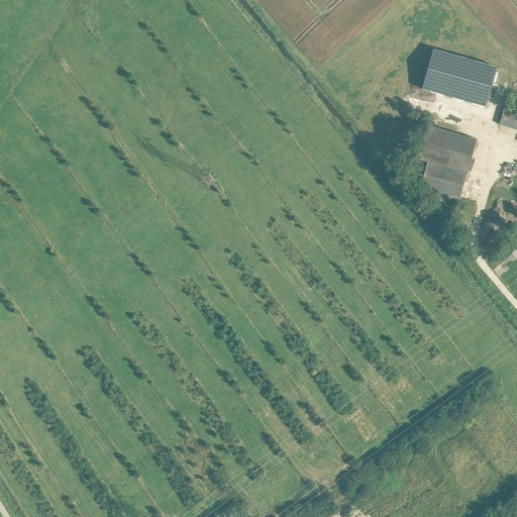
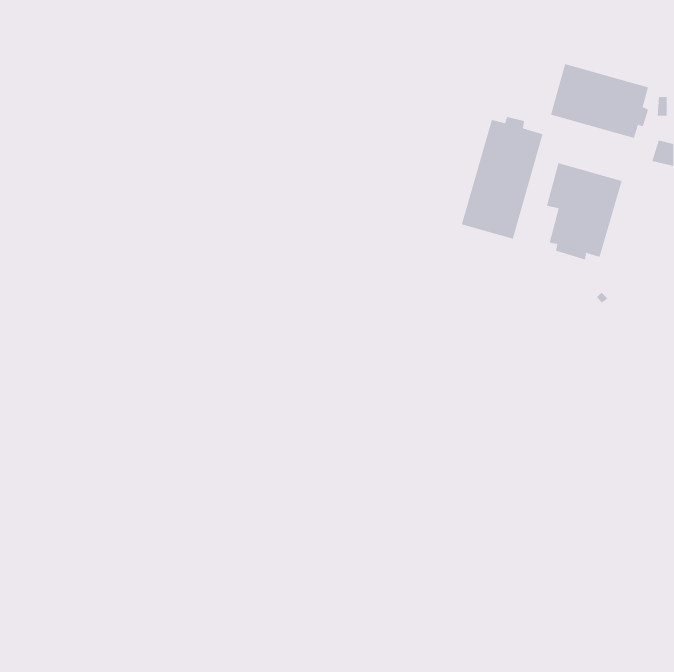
building: none -> [461,116,543,239]

